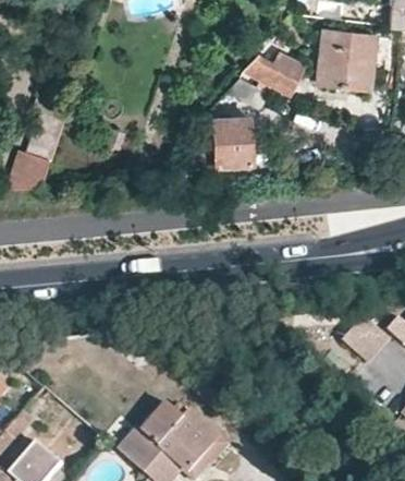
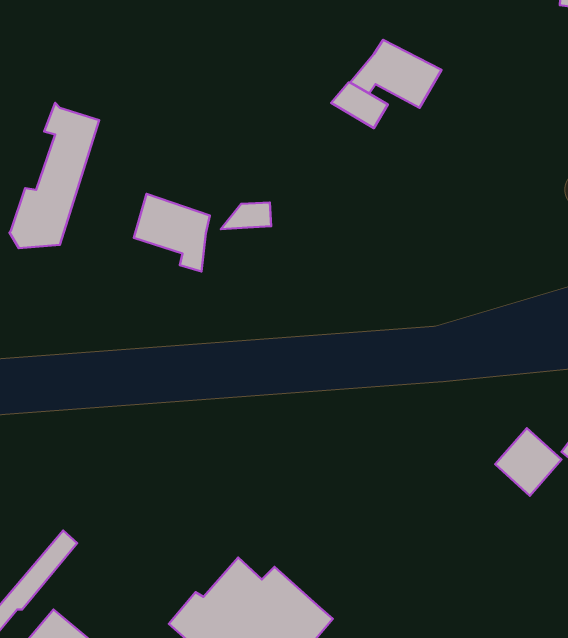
building: [317,26,383,84] -> none
building: [195,115,250,166] -> none
building: none -> [134,194,210,271]

